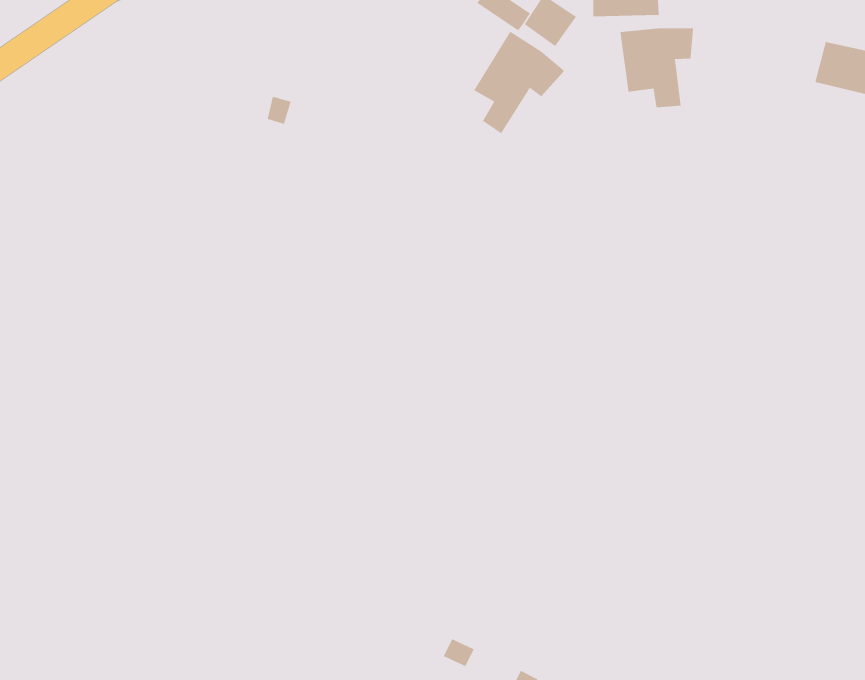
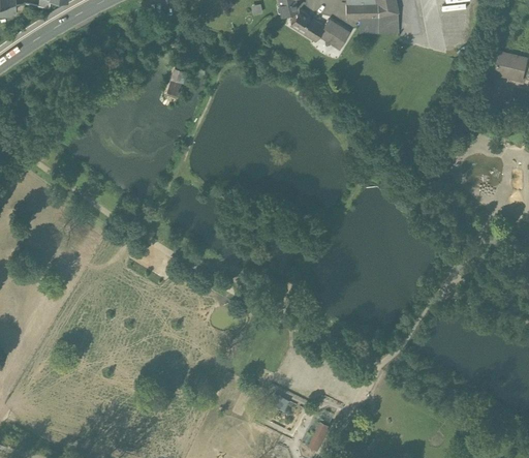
building: [620,28,694,108] -> none
building: [474,31,565,134] -> none

